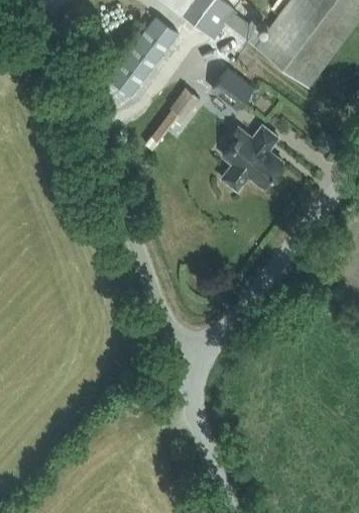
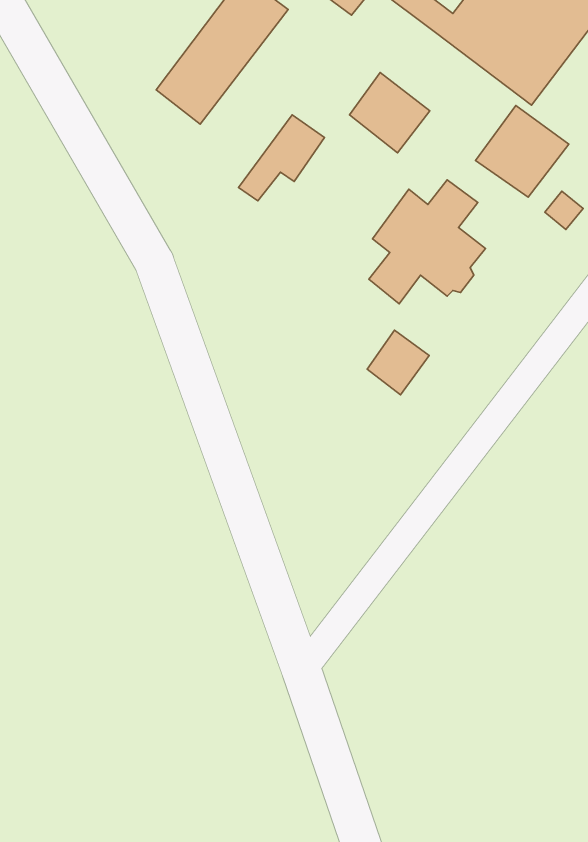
building: none -> [476,105,569,197]
building: none -> [367,330,429,395]

